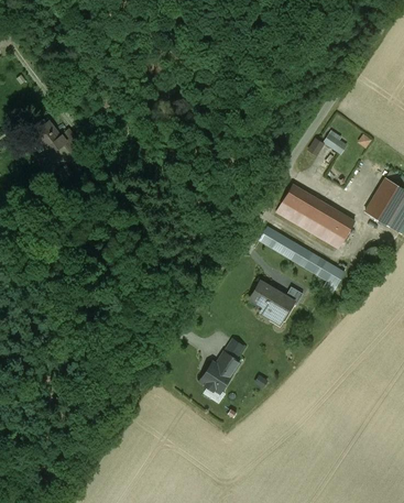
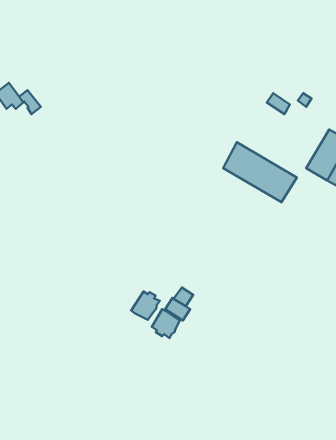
building: [259,227,343,286] -> none
building: [249,281,302,320] -> none
building: none -> [131,291,160,320]

